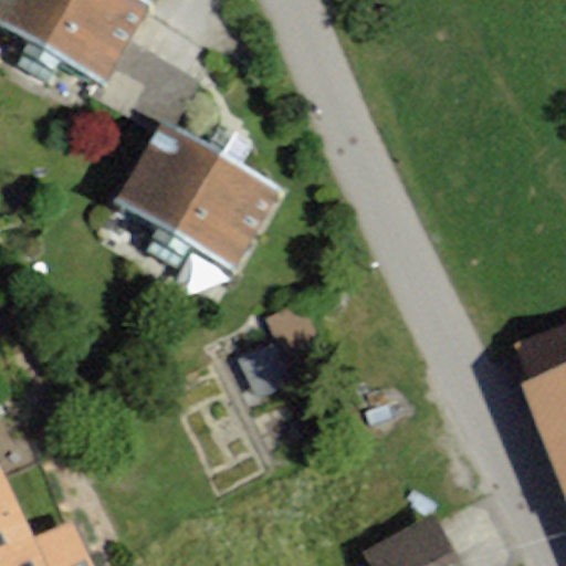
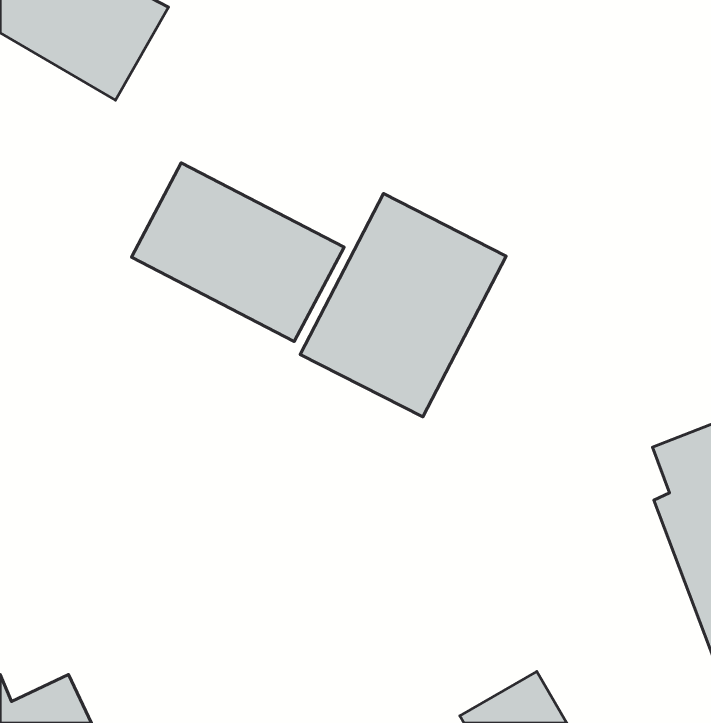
building: none -> [300,194,506,417]

